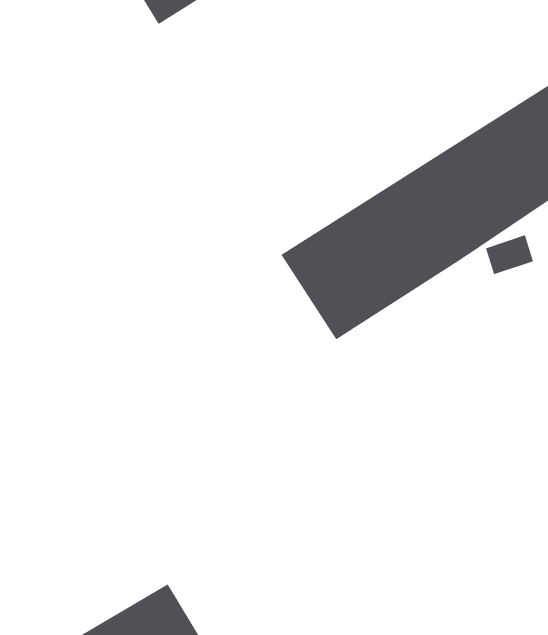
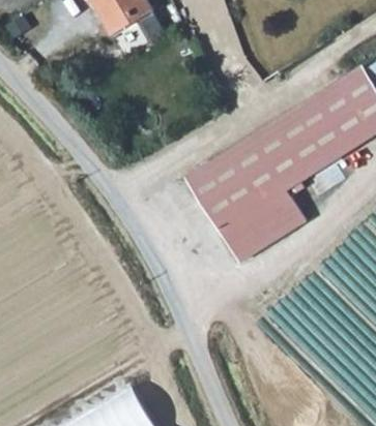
building: none -> [224,180,308,260]

